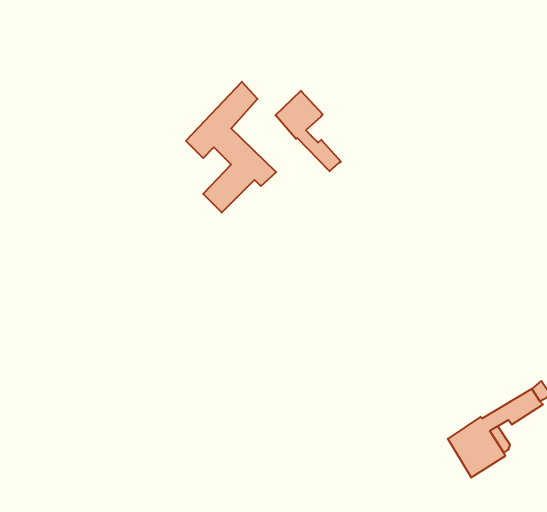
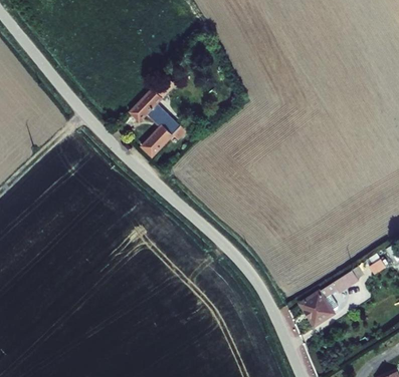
building: [275,91,341,171] -> none

